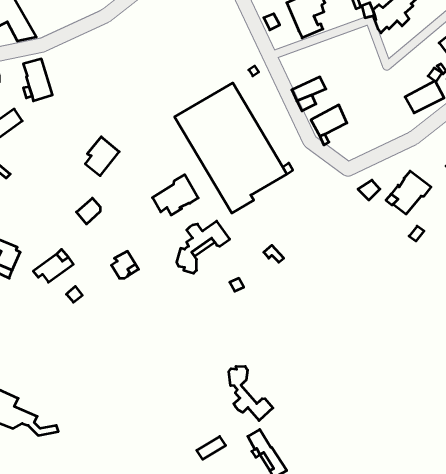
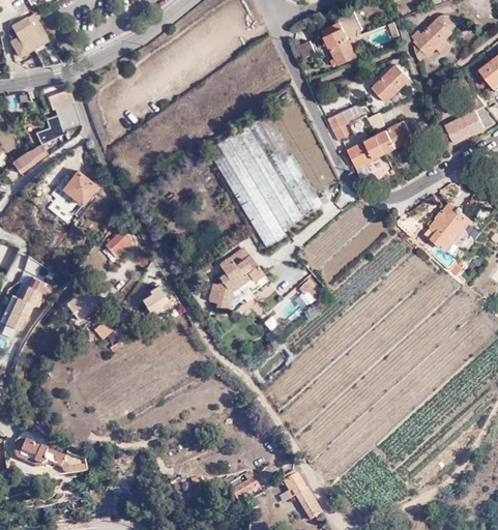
building: none -> [372,64,409,101]
building: none -> [376,121,412,153]
building: [85,137,119,176] -> [60,172,95,212]
building: [152,175,198,215] -> none
building: [229,366,273,421] -> none

